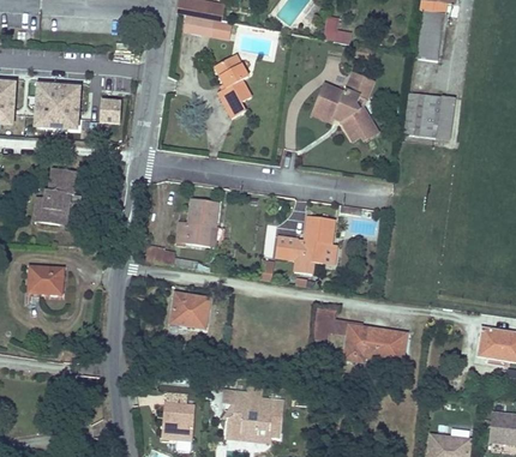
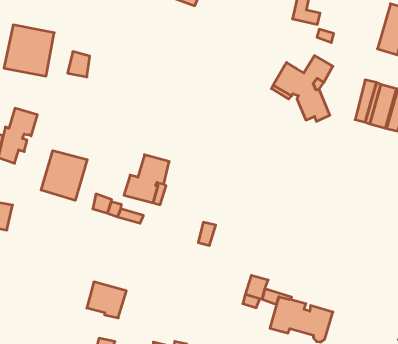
building: [214,55,251,118] -> none
building: none -> [41,151,87,200]
building: [274,215,334,273] -> none
building: [170,293,209,326] -> [87,282,126,318]

